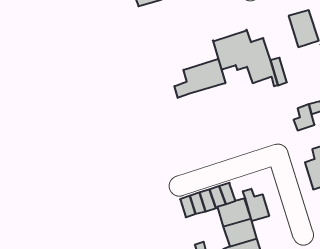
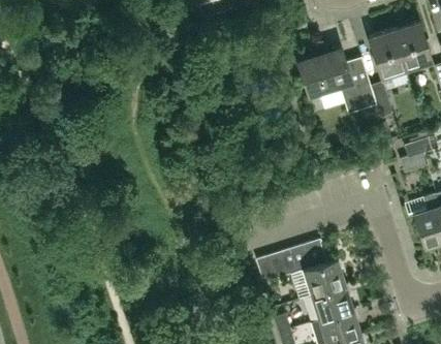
building: none -> [368,29,406,76]
building: [174,59,225,98] -> none
building: [243,189,269,221] -> none

